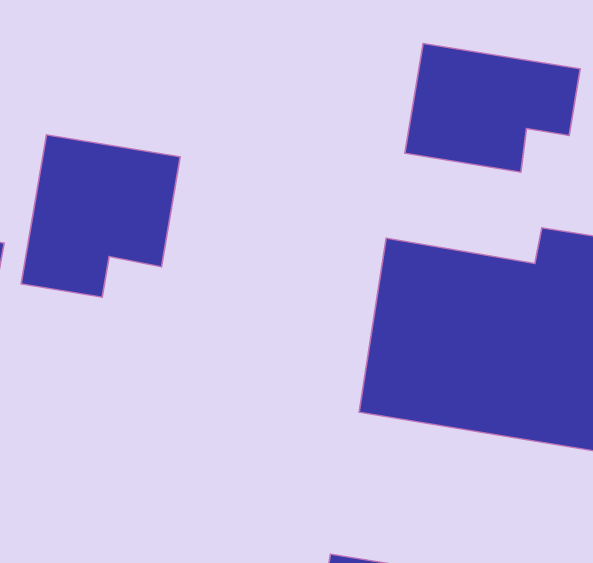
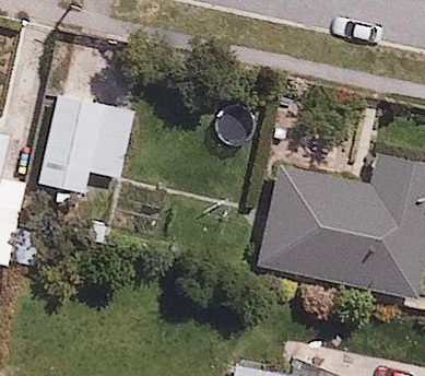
building: [405,44,580,172] -> none

